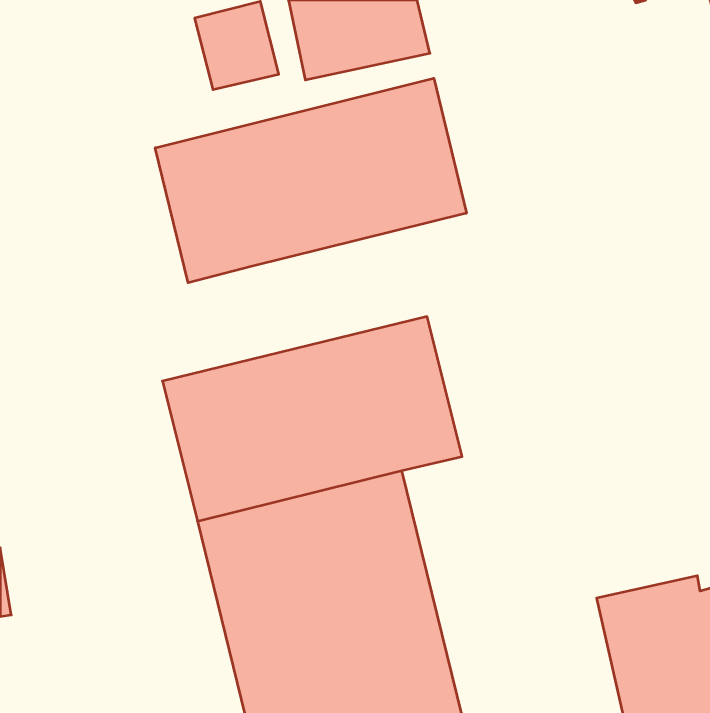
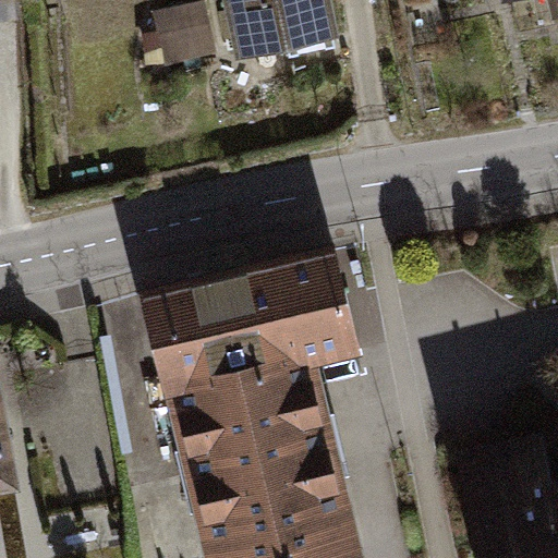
building: [155,78,466,283] -> none

